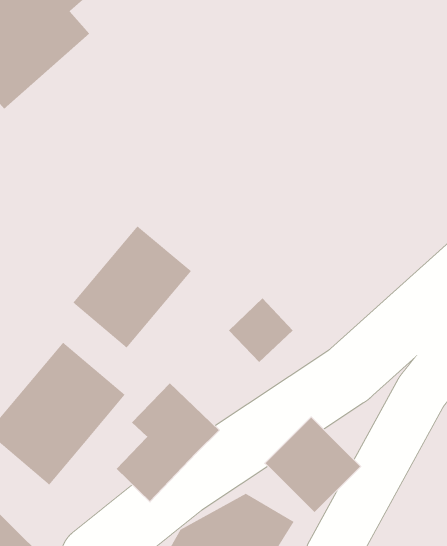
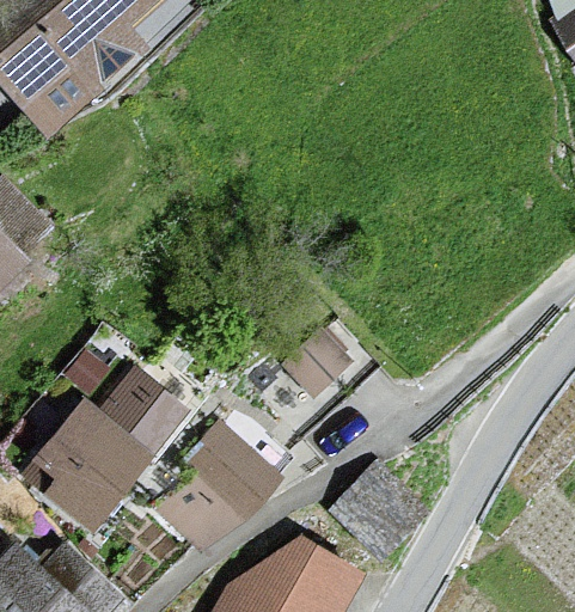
building: [72,225,192,349] -> none

